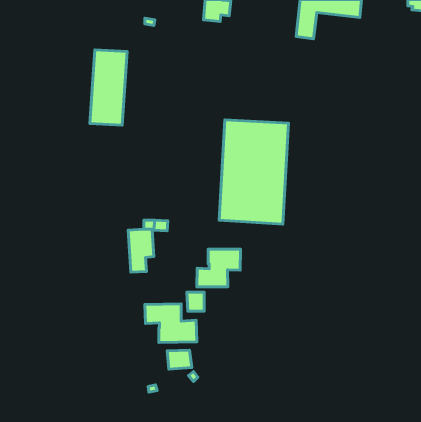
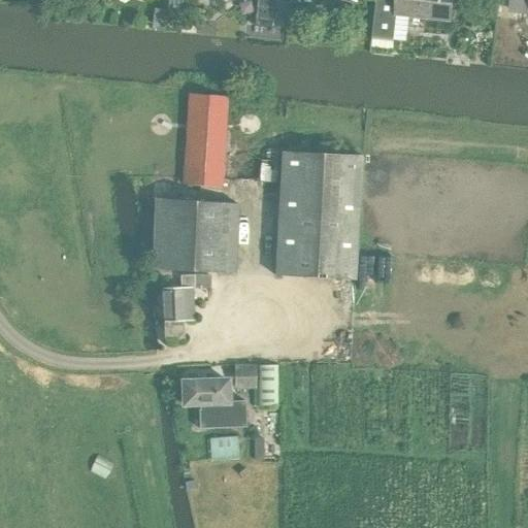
building: [90,50,127,125] -> [183,93,229,187]
building: none -> [152,197,239,272]
building: [197,249,241,287] -> none

